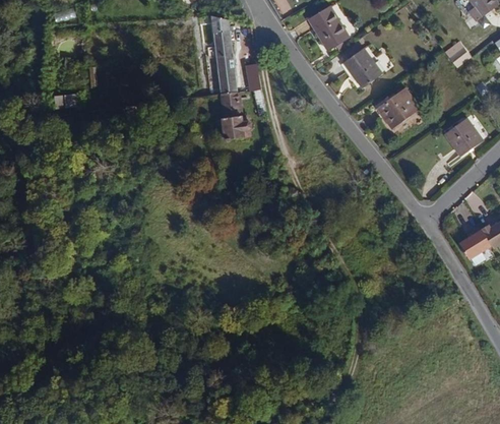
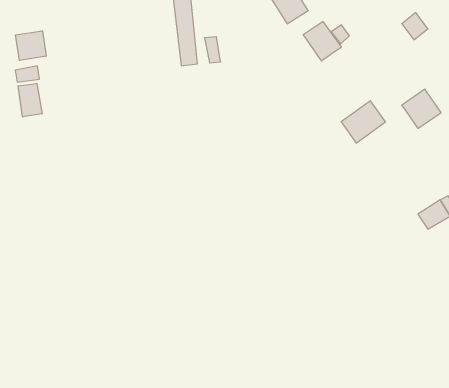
building: none -> [16,31,46,60]
building: [376,87,421,130] -> [341,101,385,143]
building: [220,92,250,139] -> none
building: none -> [18,83,42,117]

